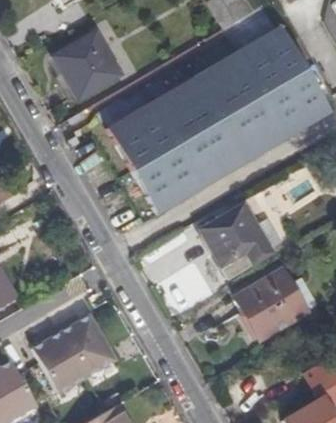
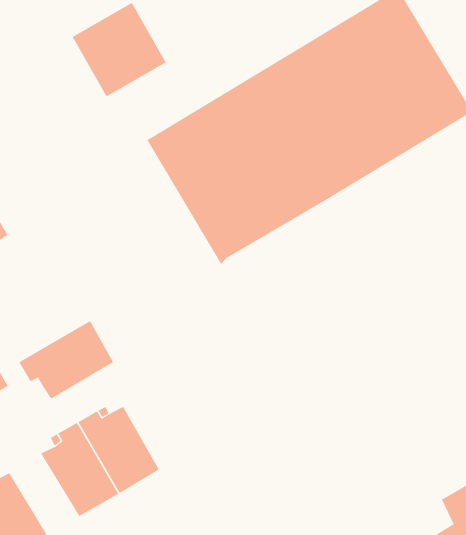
building: [202,204,285,273] -> none
building: none -> [18,320,114,400]
building: [235,271,305,339] -> none

